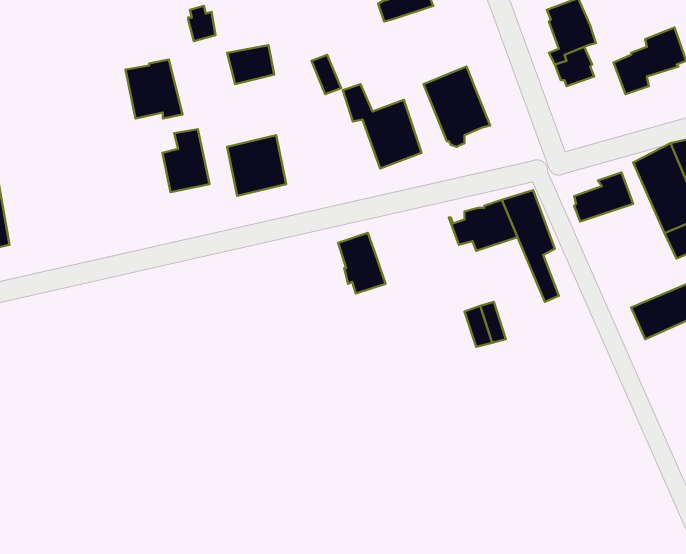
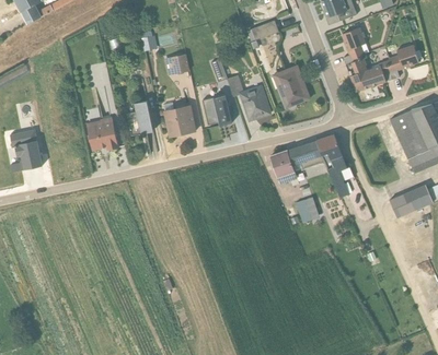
building: [126,60,183,118] -> [87,117,118,150]
building: none -> [203,95,231,126]
building: [574,173,633,222] -> [353,63,385,91]
building: [338,233,385,294] -> [270,150,297,184]

